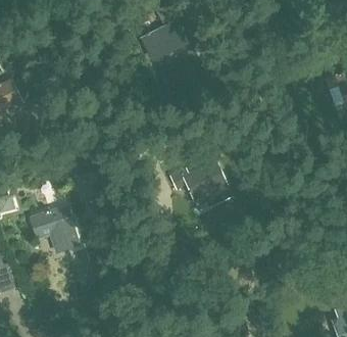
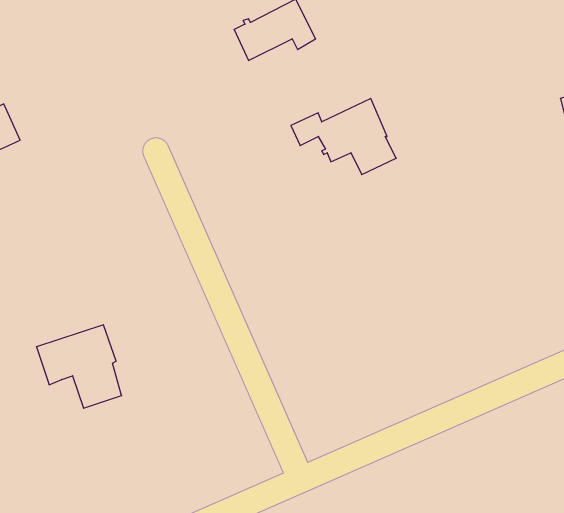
building: [170,161,230,204] -> [291,98,396,175]

